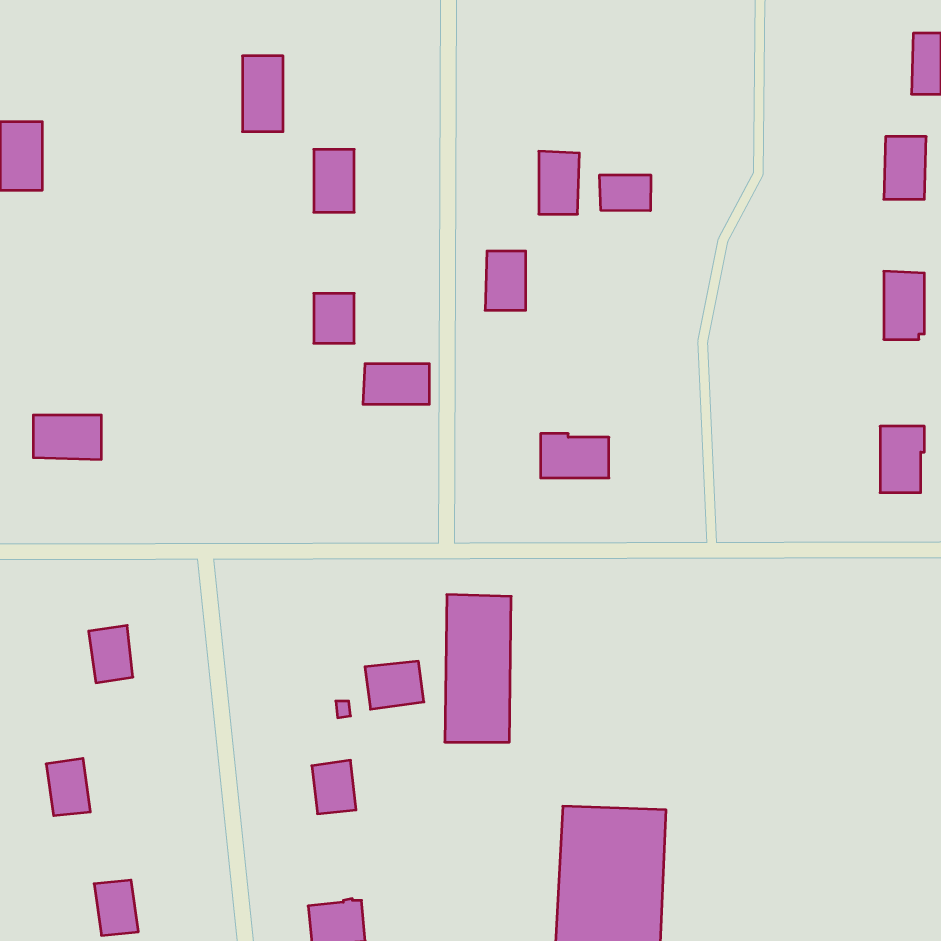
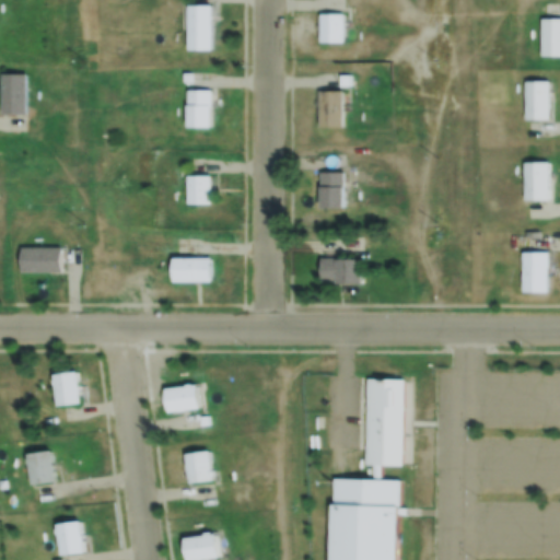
building: none -> [319,14,343,44]
building: [242,56,283,132] -> [187,5,211,50]
building: [600,175,651,211] -> none
building: [485,251,526,310] -> [318,173,342,208]
building: [363,364,429,404] -> [171,258,210,282]
building: [445,595,511,742] -> [368,380,407,467]
building: [365,661,424,709] -> [164,385,199,413]

